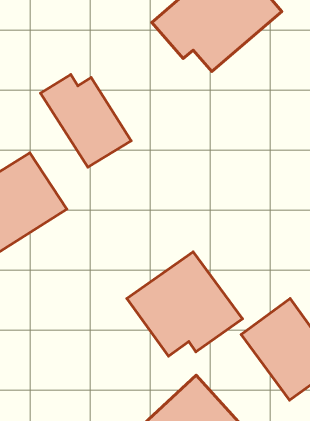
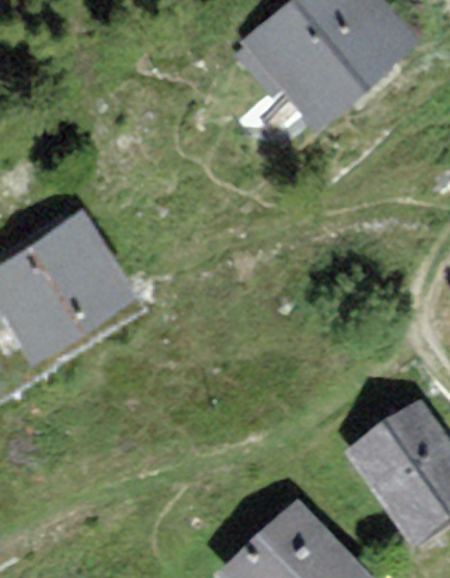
building: [40,75,131,167] -> none
building: [127,252,243,356] -> none

